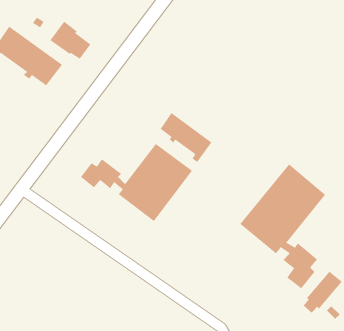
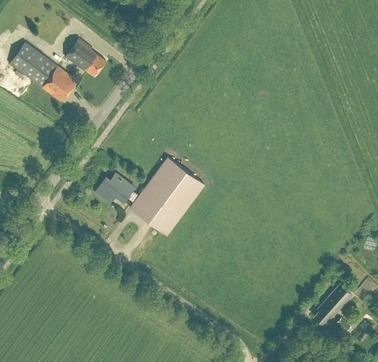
building: [160,112,212,163] -> none
building: [239,163,326,289] -> none

